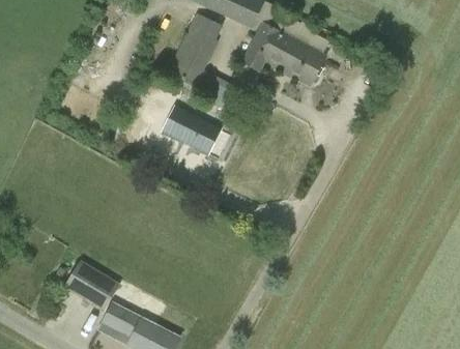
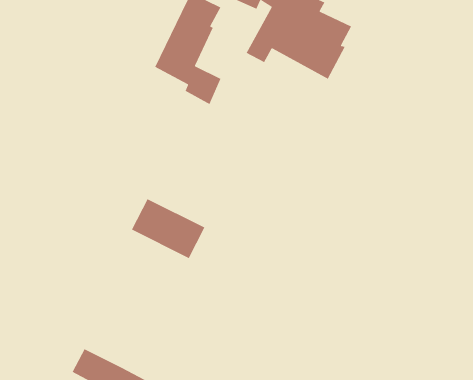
building: [161,106,222,155] -> [131,198,206,259]
building: [64,260,119,311] -> none

